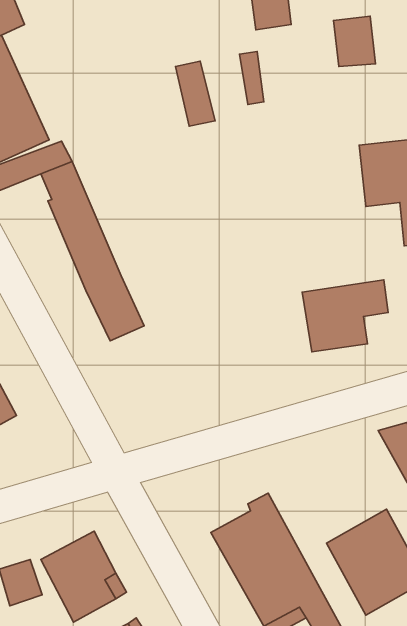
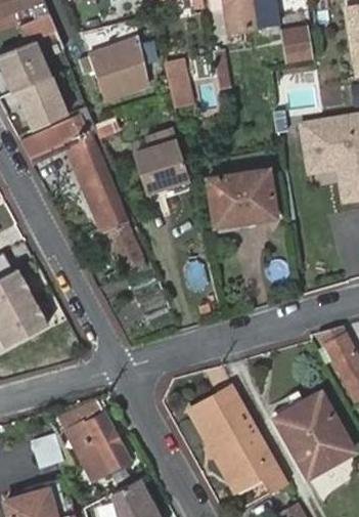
building: none -> [90,36,148,99]
building: none -> [129,135,185,191]
building: [302,280,388,352] -> [207,170,271,224]

